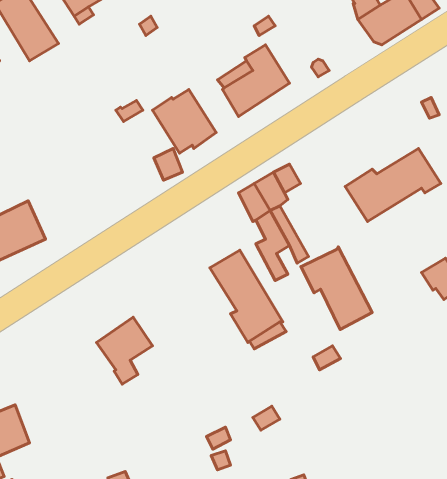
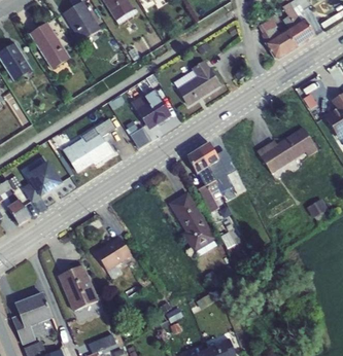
building: none -> [62,124,112,172]
building: [301,247,372,330] -> none
building: none -> [57,263,98,310]

